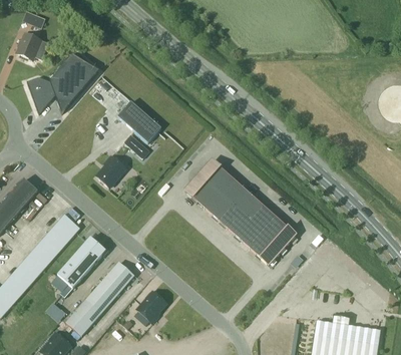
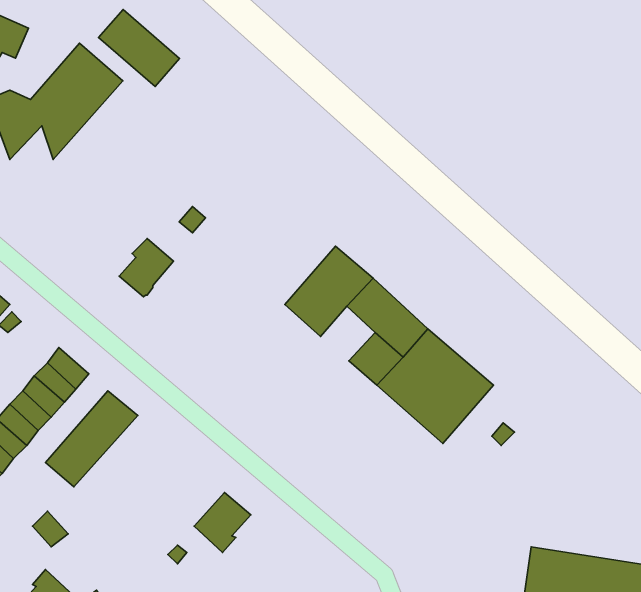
building: [117,101,160,142] -> [99,9,179,87]
building: [204,192,233,221] -> none
building: [66,262,134,335] -> none

